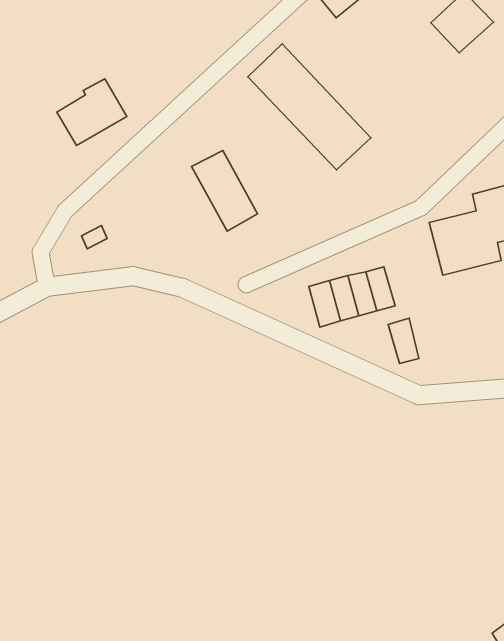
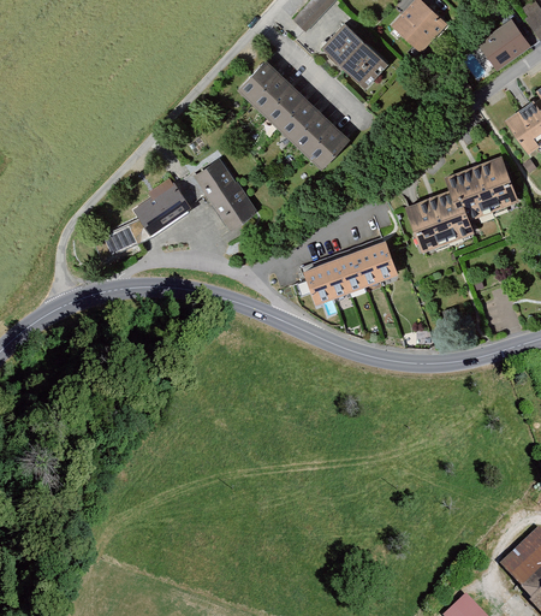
building: none -> [321,22,388,89]
building: [57,79,127,145] -> [127,178,190,239]
building: [388,318,419,363] -> [371,241,402,282]

